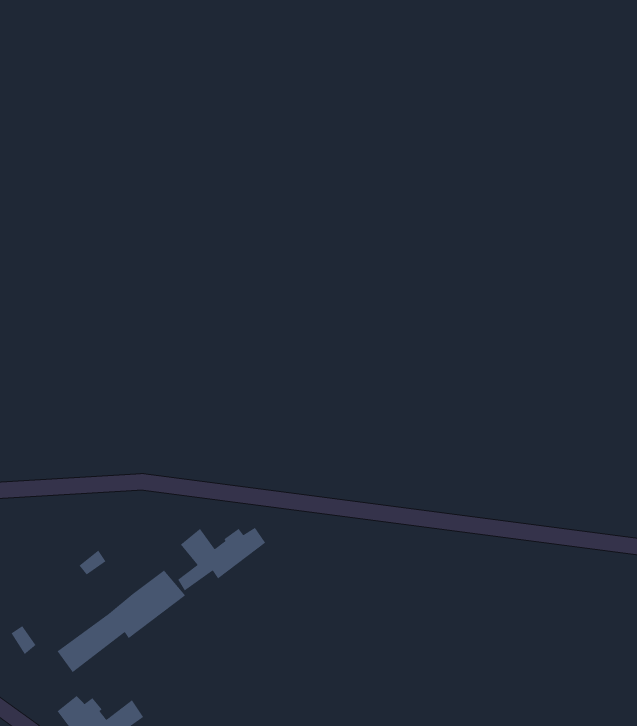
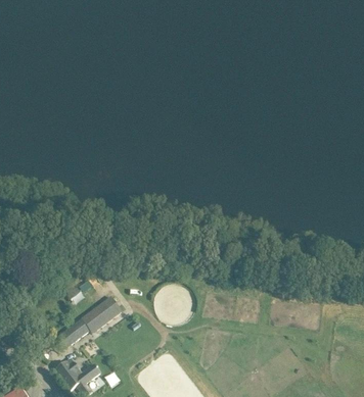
building: [177,527,266,591] -> none

